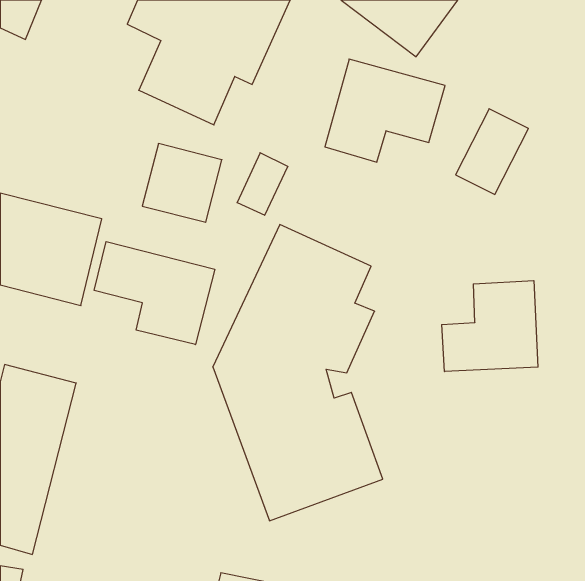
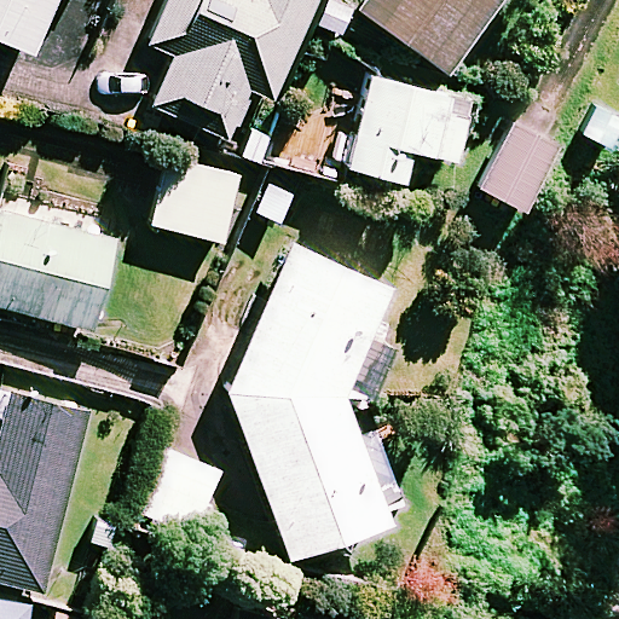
building: [94,242,215,345] -> none
building: [442,281,538,372] -> none

